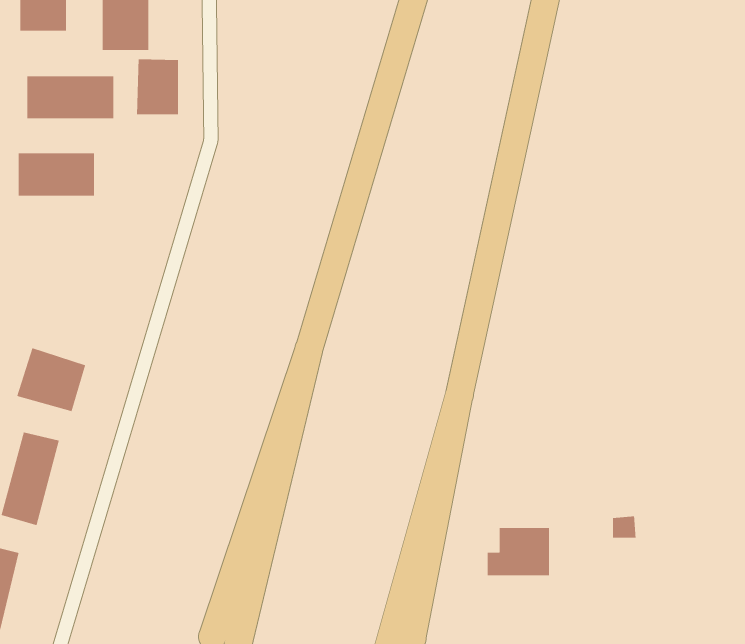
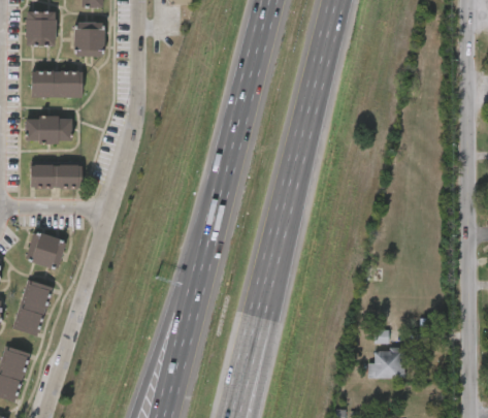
building: [136,59,179,115] -> none
building: none -> [31,164,82,187]
building: [487,527,550,576] -> [365,349,402,378]

